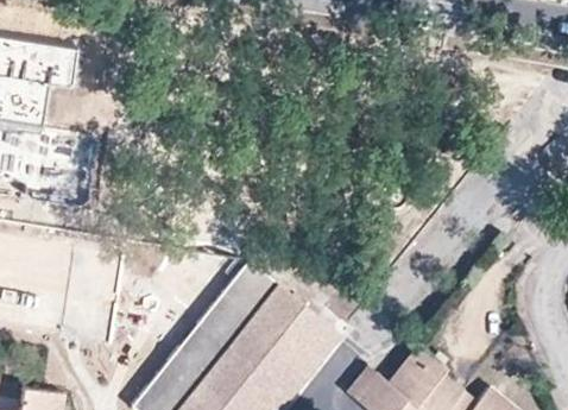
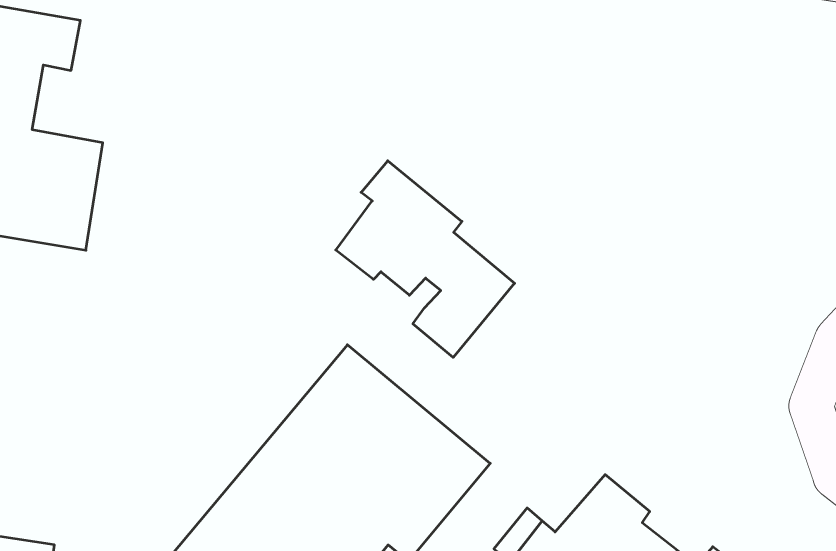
building: none -> [336,161,515,357]

